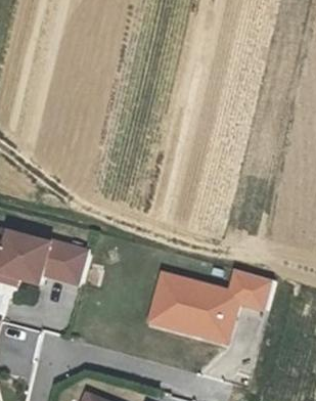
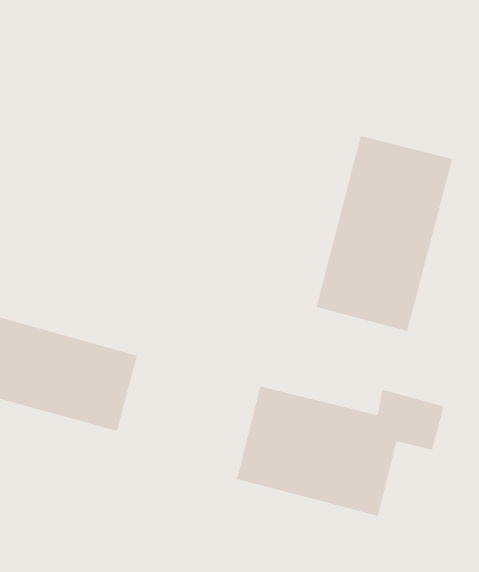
building: none -> [316,135,453,332]

